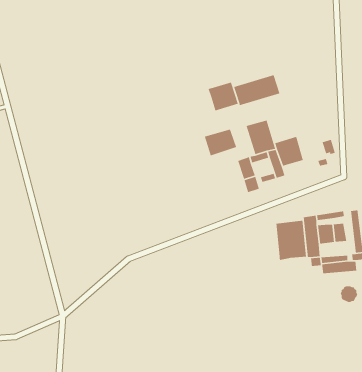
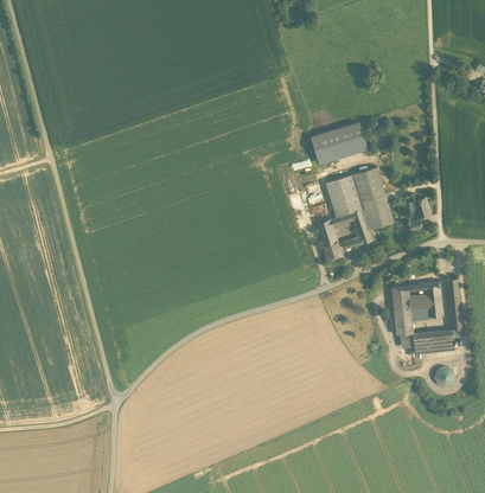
building: [207,81,239,111] -> none
building: none -> [350,166,384,201]
building: [204,129,237,157] -> none
building: [275,220,307,261] -> none

